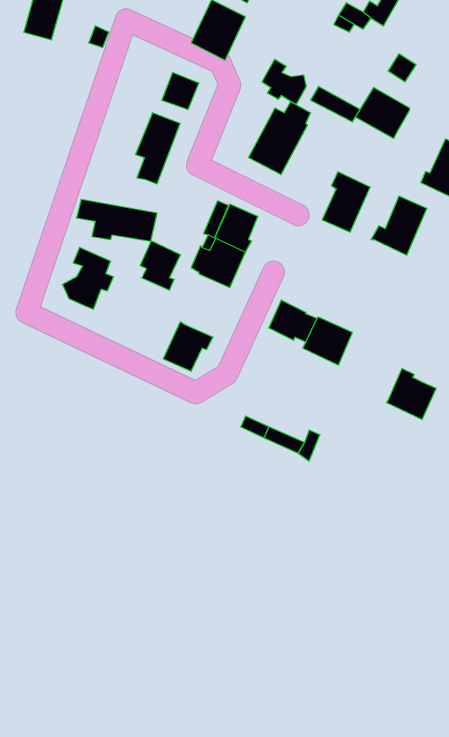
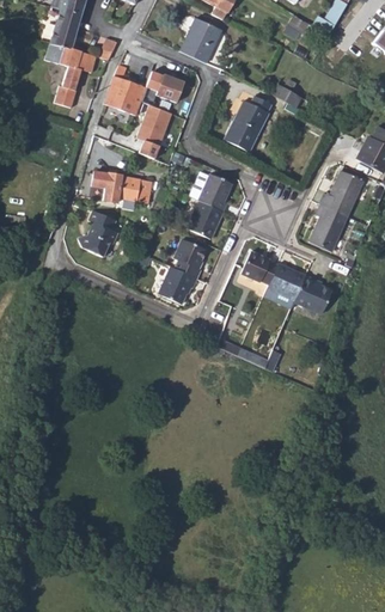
building: none -> [47,42,98,108]
building: [262,59,306,105] -> none
building: none -> [105,65,146,117]
building: [355,87,410,138] -> none
building: [322,172,370,232] -> [310,202,347,249]
building: [140,241,180,290] -> [175,239,206,277]
building: [386,368,436,419] -> [293,274,331,313]

